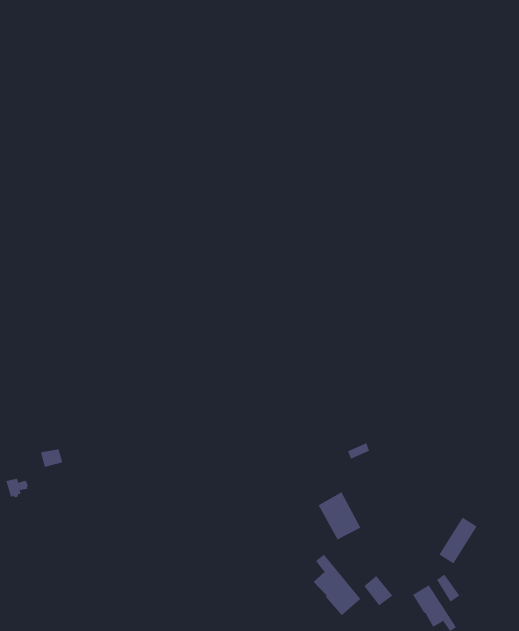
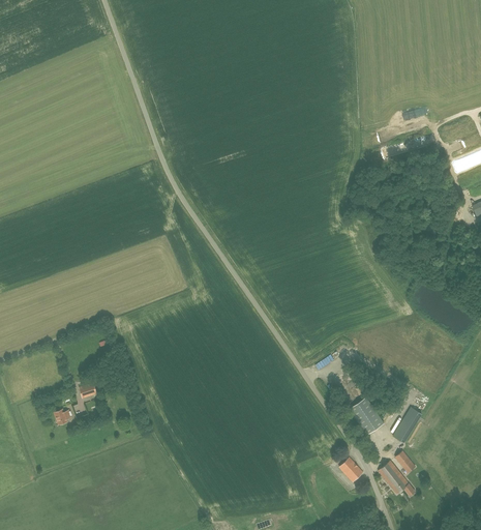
building: [318,491,361,540] -> [349,396,384,435]
building: [313,554,361,616] -> none

